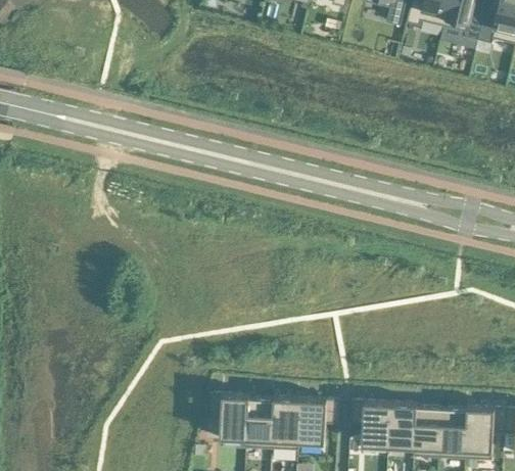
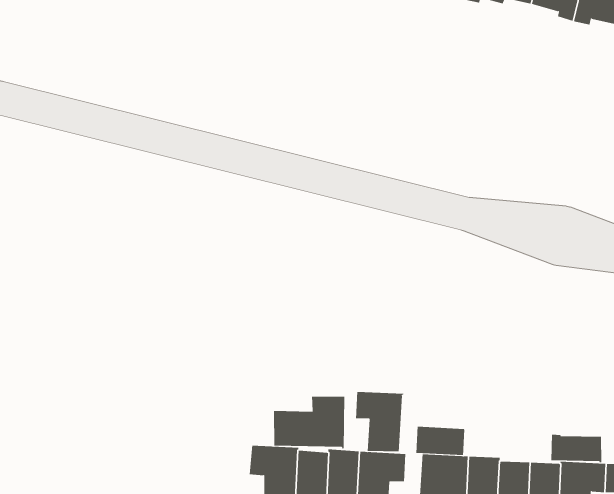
building: none -> [355,391,404,452]
building: none -> [273,396,345,449]
building: none -> [416,426,465,456]
building: none -> [551,434,602,463]

